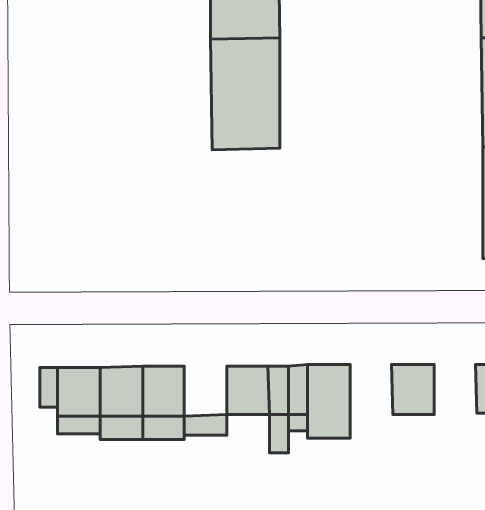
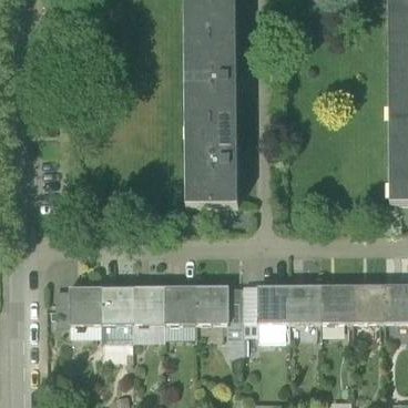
building: none -> [185,122,237,206]
building: none -> [289,285,322,323]
building: none -> [353,285,385,323]
building: none -> [164,286,196,324]

